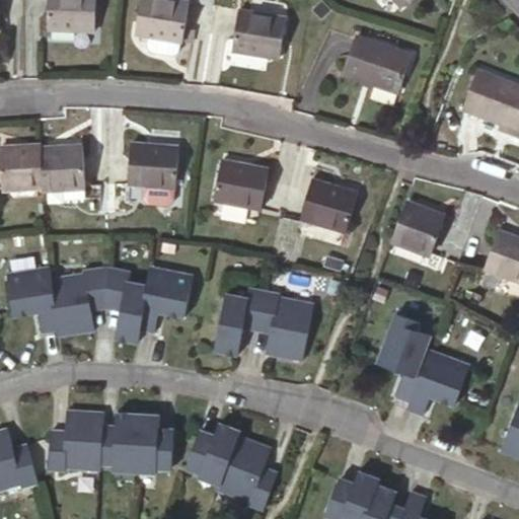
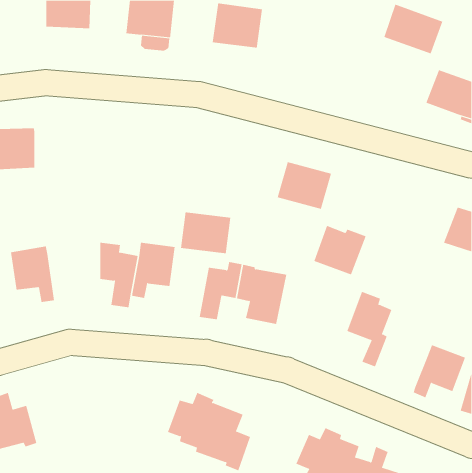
building: [348,36,413,91] -> [384,4,443,54]
building: [39,143,83,189] -> none
building: [123,144,175,188] -> none
building: [209,163,265,209] -> [180,212,231,254]
building: [394,201,452,255] -> [313,225,366,275]
building: [53,266,108,335] -> none
building: [407,356,465,415] -> [413,344,466,398]
building: [51,425,170,475] -> none

